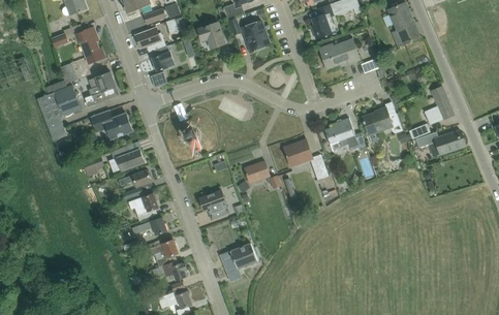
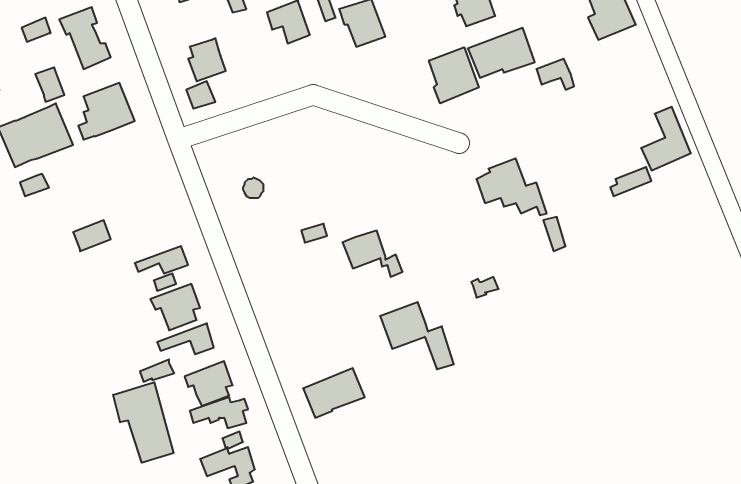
building: [135,26,165,52] -> none
building: none -> [429,47,479,103]
building: [362,107,402,134] -> none
building: [91,109,132,138] -> none
building: [415,129,465,154] -> none
building: [283,138,328,179] -> [380,302,454,369]
building: [108,145,144,172] -> none
building: [199,190,228,219] -> none
building: none -> [113,382,174,463]

